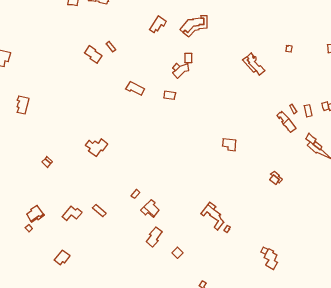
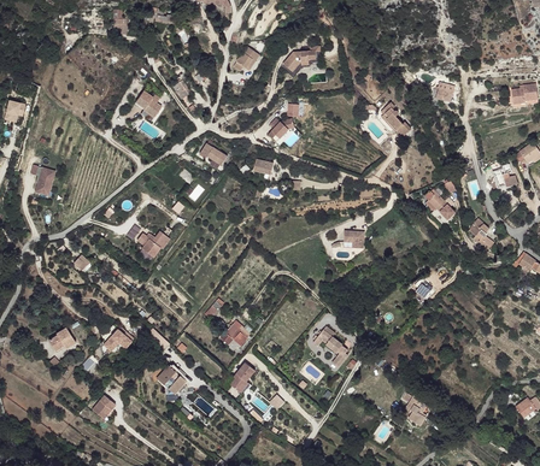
building: none -> [157,365,186,402]

